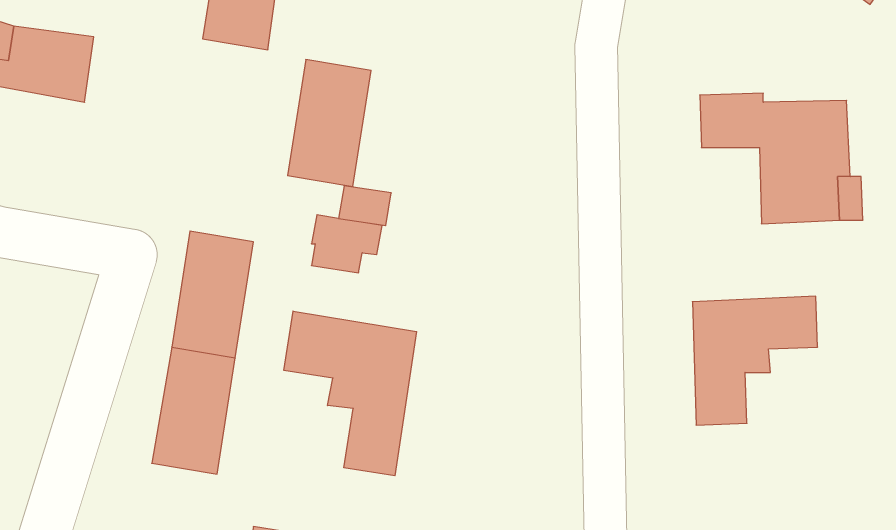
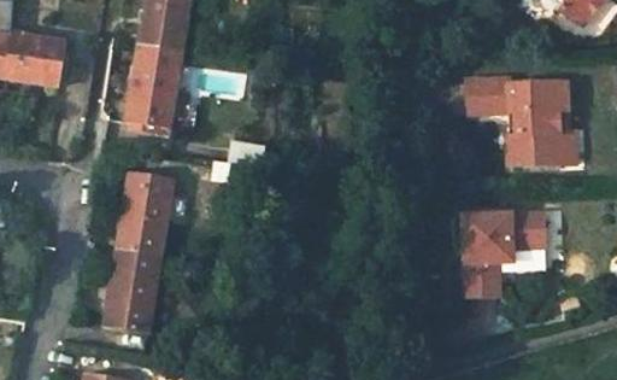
building: [288,60,371,186] -> [125,43,181,128]
building: [284,311,417,476] -> none

